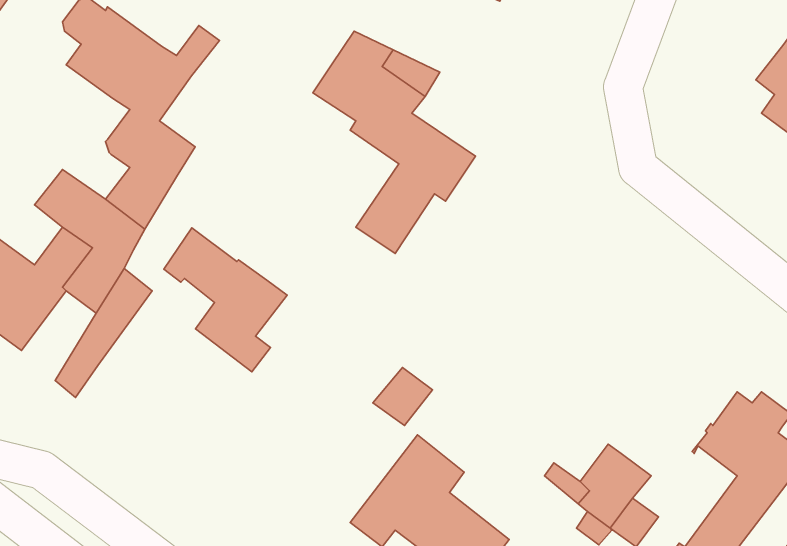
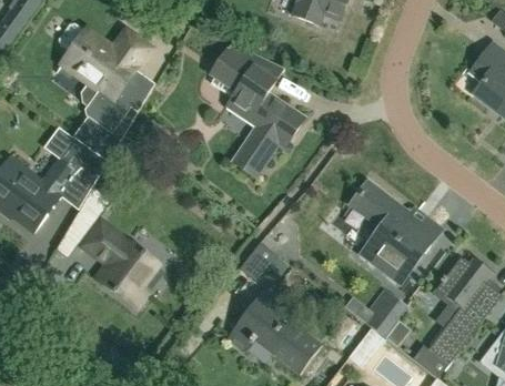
building: none -> [115,70,154,112]
building: [164,228,287,372] -> [84,222,158,307]
building: none -> [351,182,437,283]

